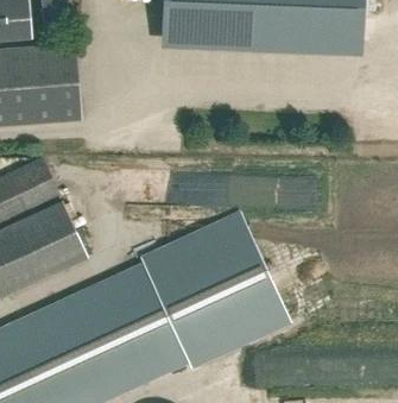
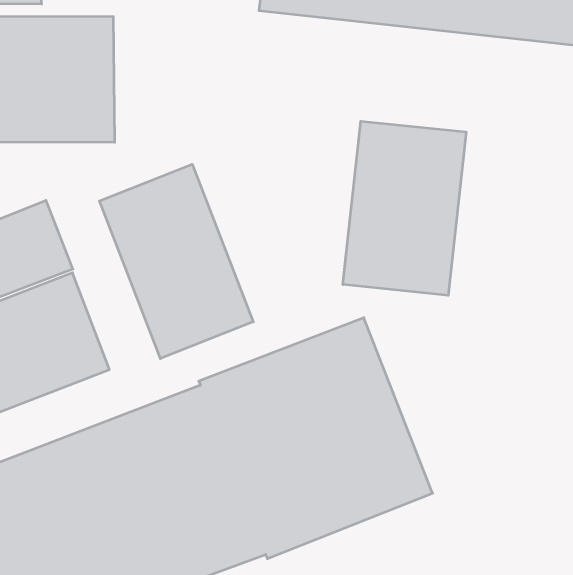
building: none -> [343,121,466,295]
building: none -> [99,164,253,359]

